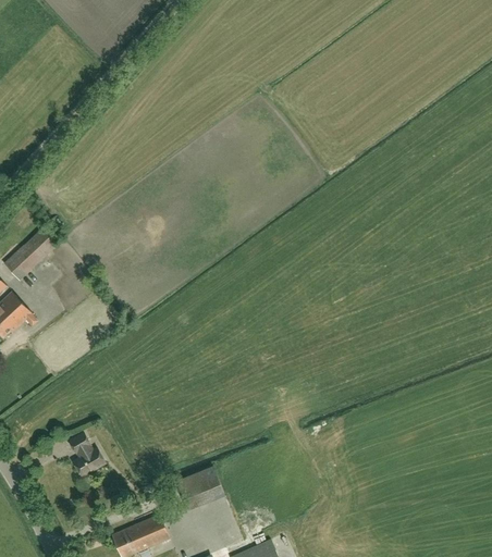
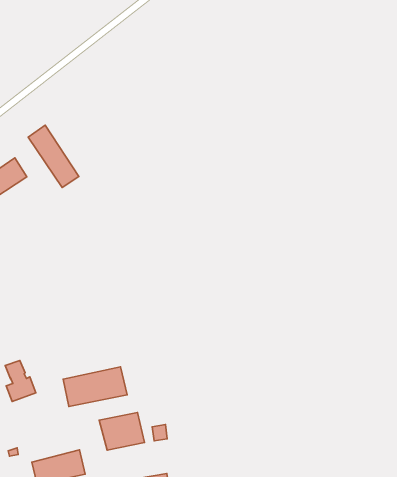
building: none -> [28,125,79,187]
building: none -> [63,367,127,406]

